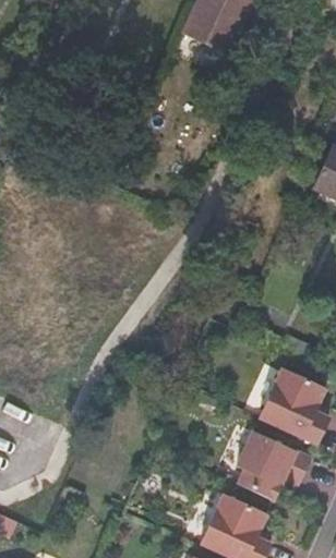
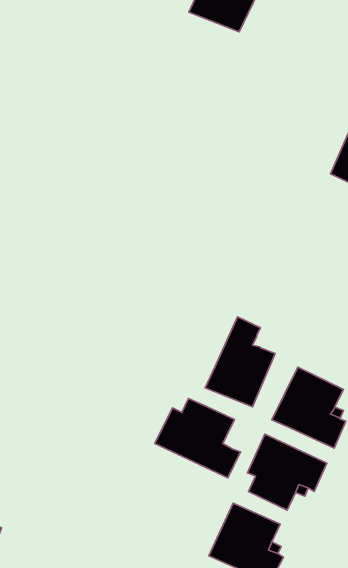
building: none -> [205,317,275,407]
building: none -> [155,398,240,478]

